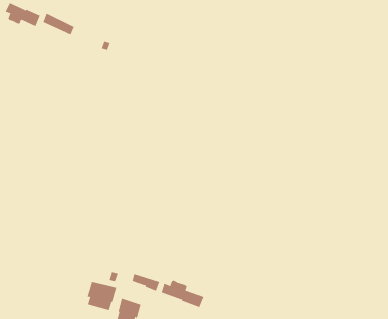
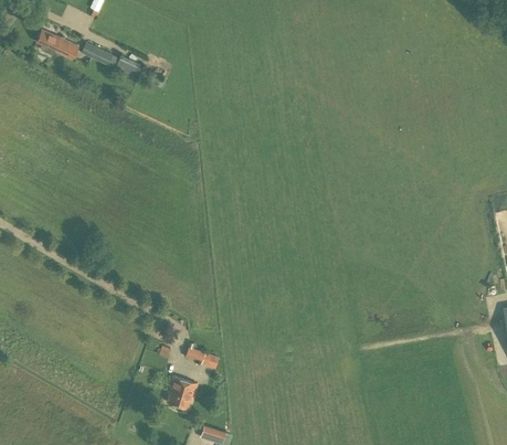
building: [161,280,204,308] -> none
building: [87,281,117,311] -> none

